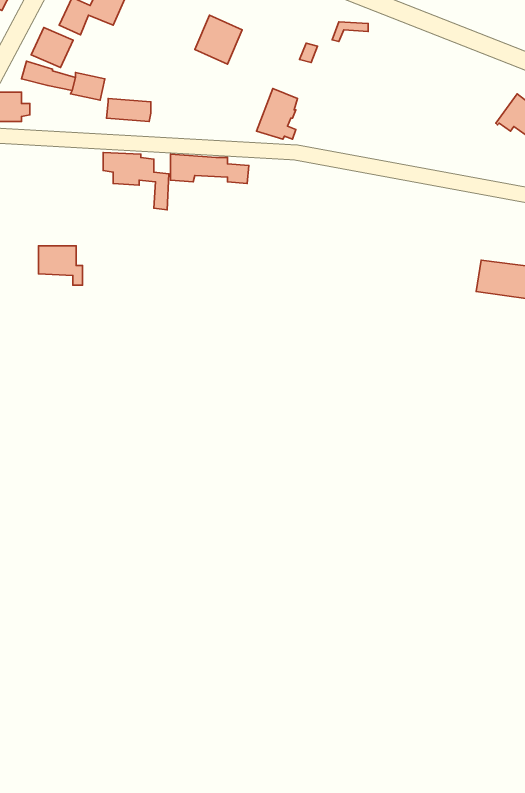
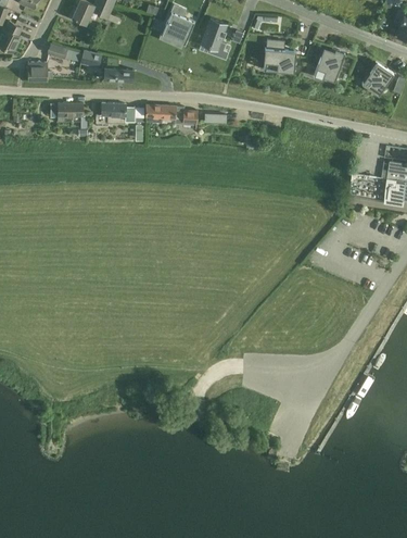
building: [31,28,73,68] -> none
building: none -> [264,38,295,72]
building: none -> [313,49,344,82]
building: [257,89,297,139] -> [200,16,227,50]
building: [38,246,83,285] -> [58,102,87,128]

